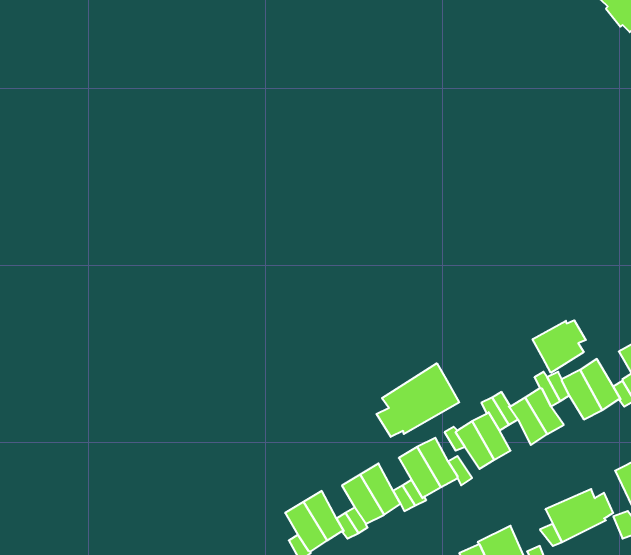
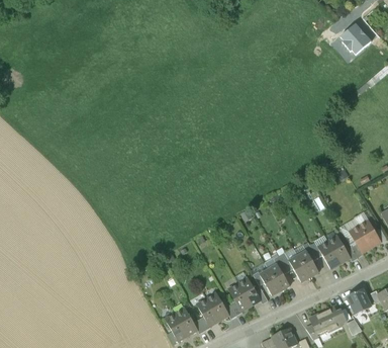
building: [533,320,586,373] -> none
building: [376,363,459,437] -> none

